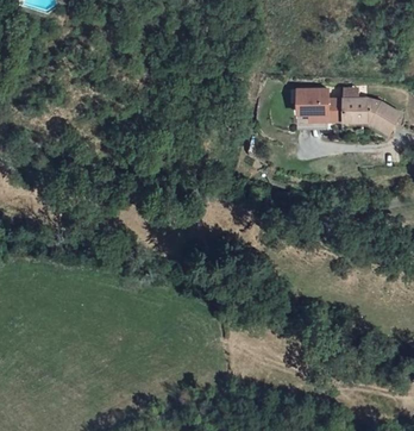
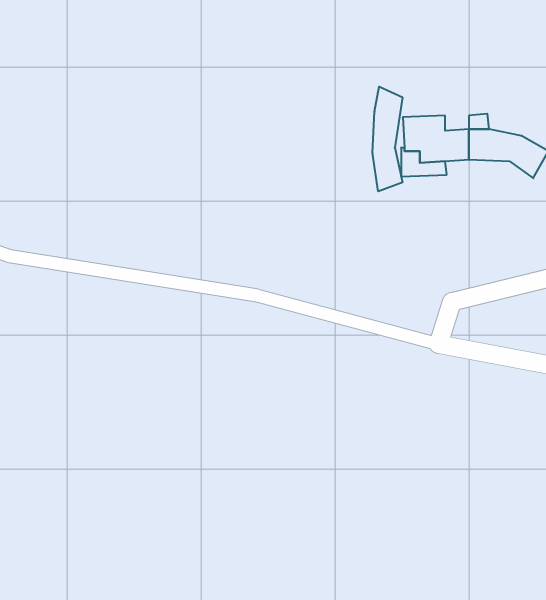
building: none -> [373,87,402,191]

